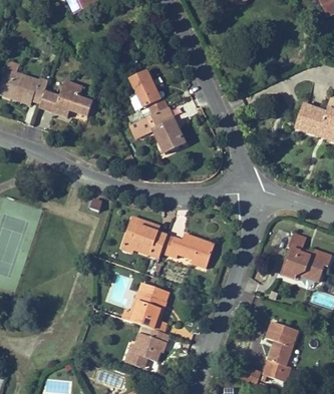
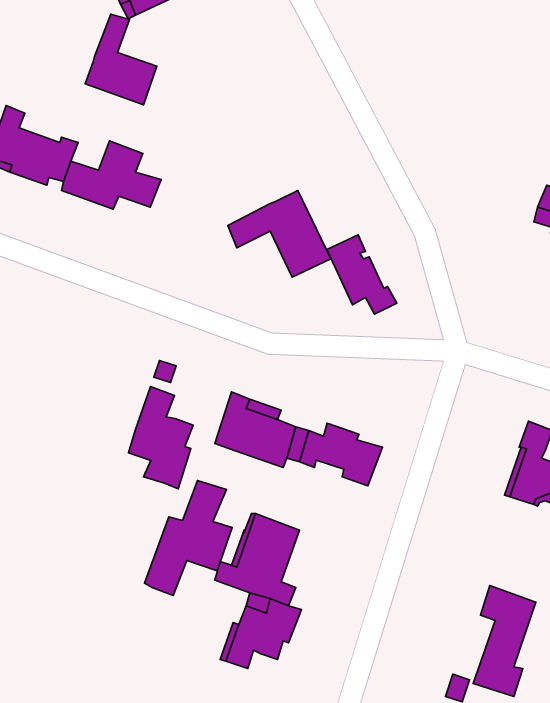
building: none -> [85,14,157,105]
building: [129,69,168,112] -> [327,235,397,314]
building: none -> [128,387,193,489]
building: none -> [144,481,232,595]

